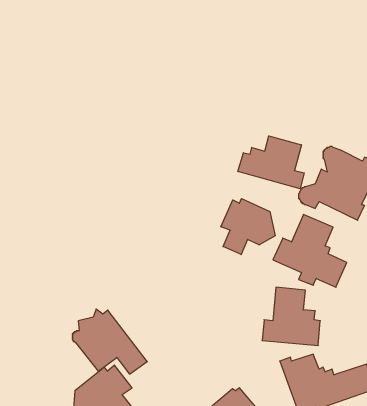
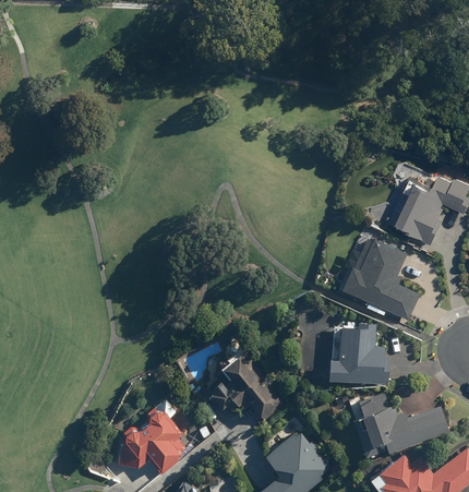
building: [238,136,304,189] -> none
building: [221,199,275,255] -> none
building: [72,309,147,374] -> [201,347,284,419]

